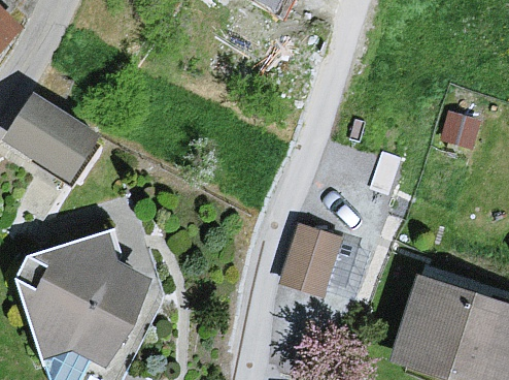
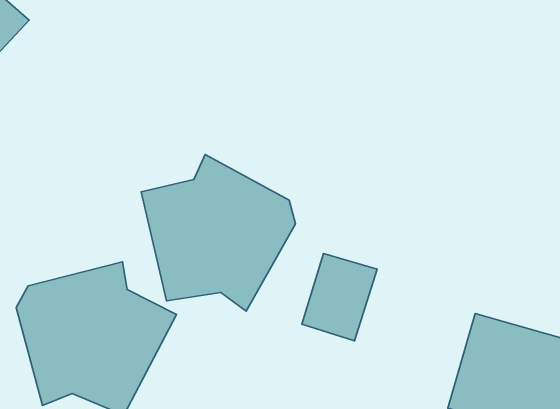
building: [12,95,108,181] -> none
building: none -> [141,155,295,311]

